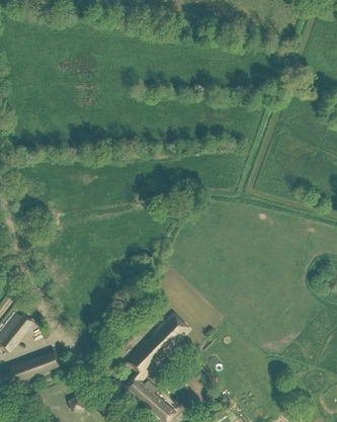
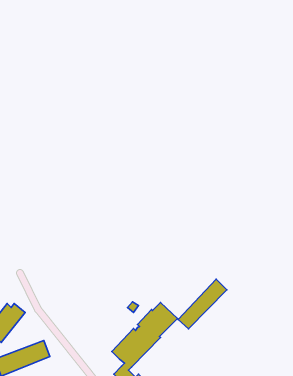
building: none -> [178,279,227,329]

